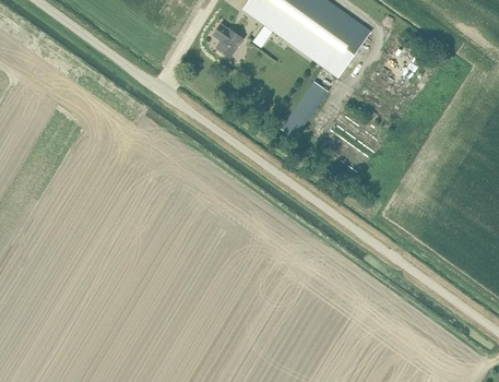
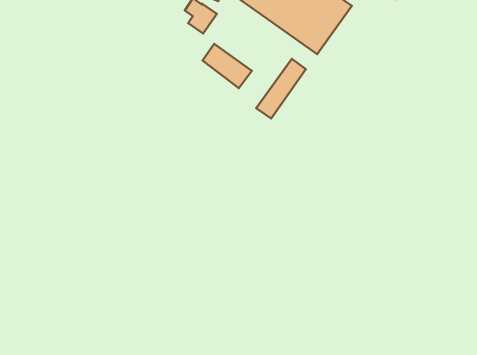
building: none -> [203,44,252,88]

